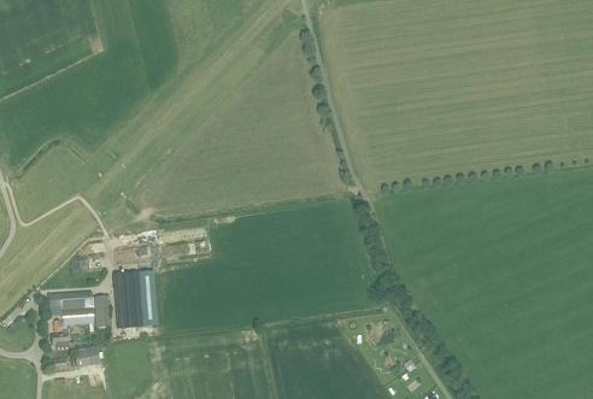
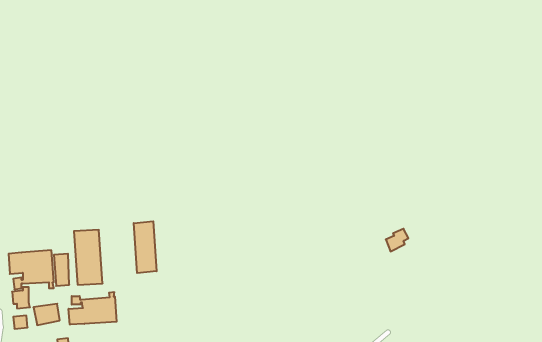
building: none -> [134,221,157,273]
building: none -> [69,292,117,325]

